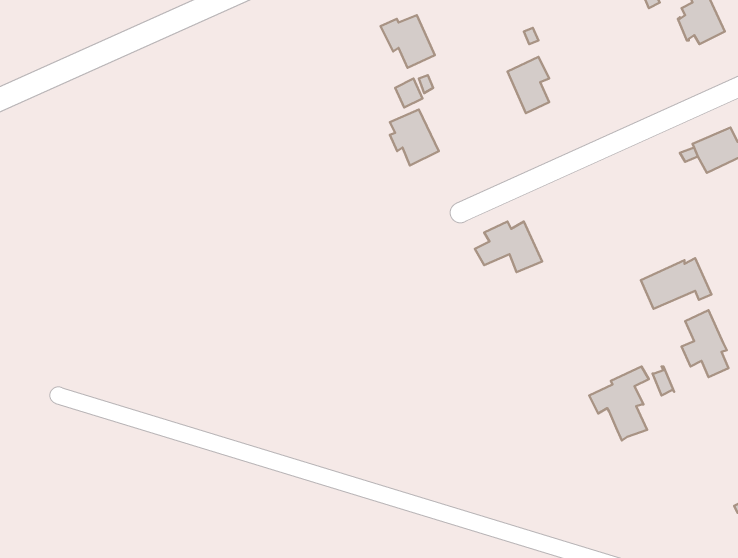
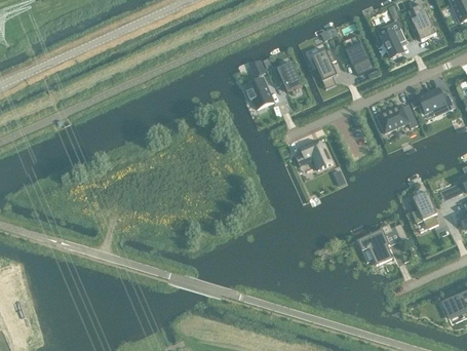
building: none -> [377,21,405,59]
building: [380,15,435,68] -> [271,62,302,91]
building: none -> [342,34,373,74]
building: [641,258,712,309] -> [377,104,417,132]

